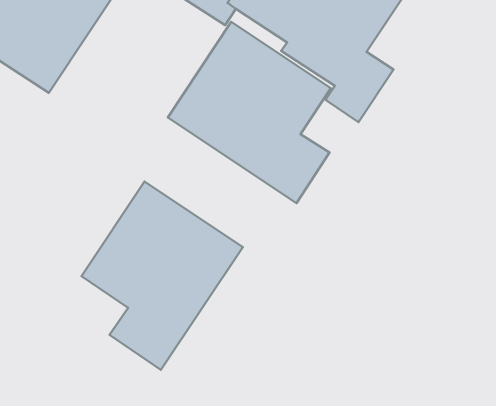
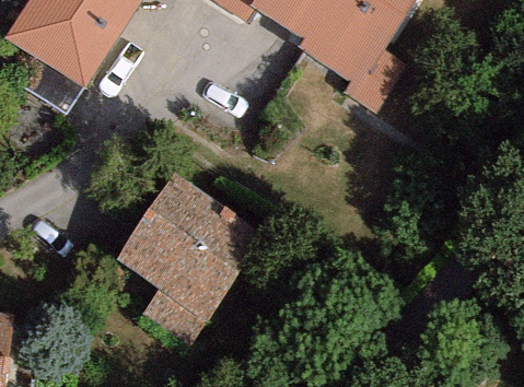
building: [168,22,331,203] -> none

